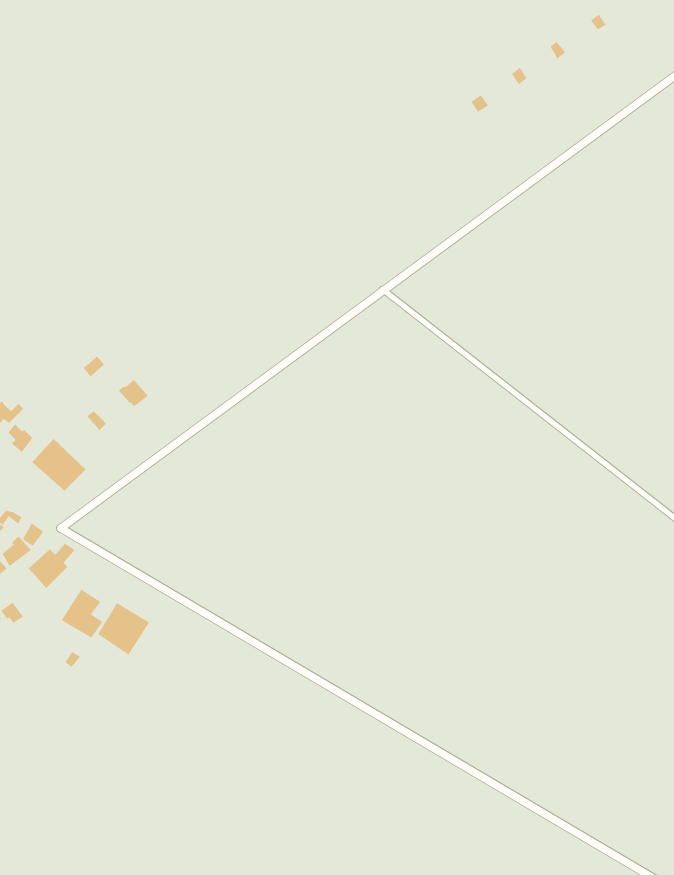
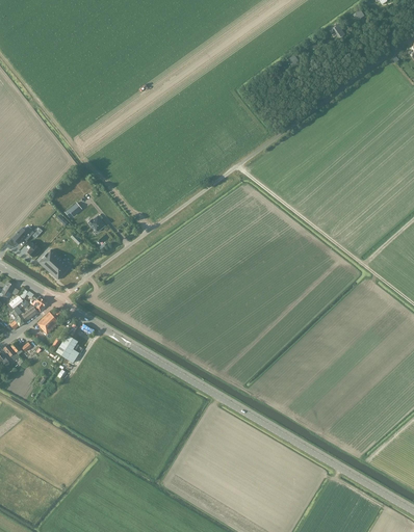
building: [98,602,150,656] -> none

